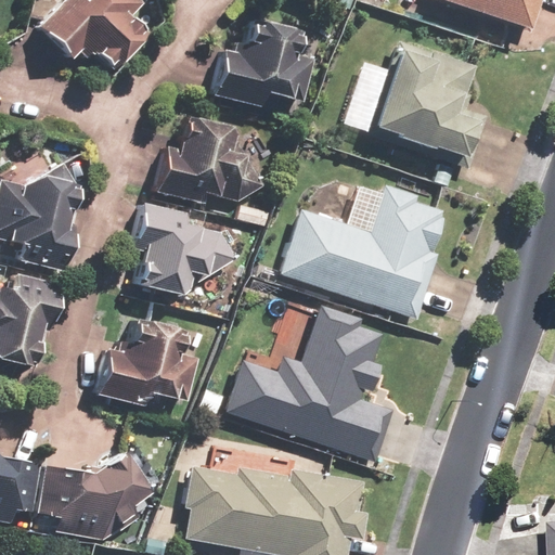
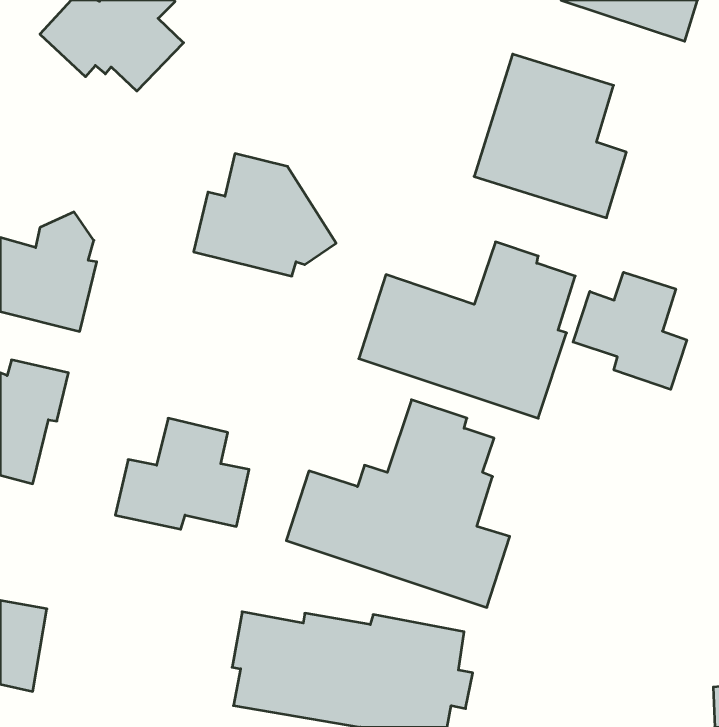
building: [214,21,309,106] -> none
building: [131,202,235,301] -> none
building: none -> [573,272,687,389]
building: [36,453,153,537] -> none

